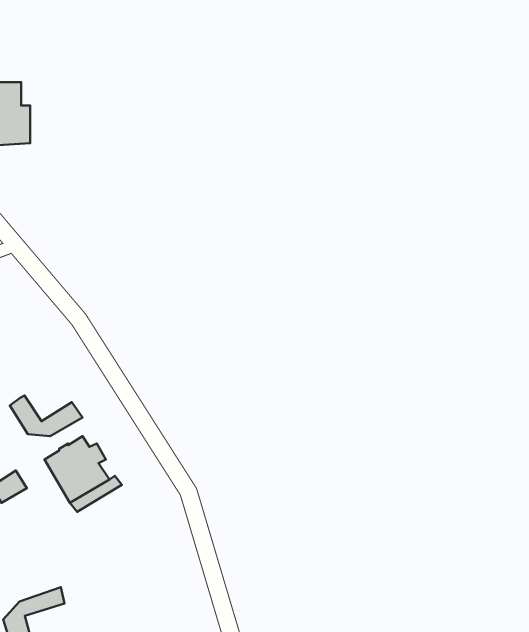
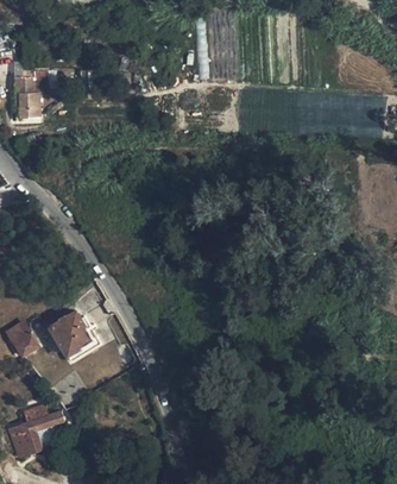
building: [10,395,83,436] -> none

